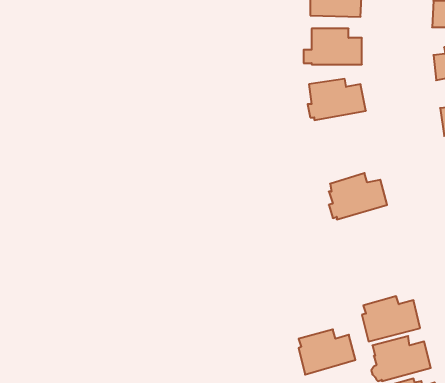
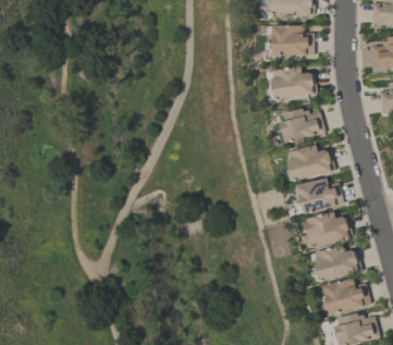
building: none -> [277,109,324,144]
building: none -> [296,178,343,214]
building: [299,329,355,375] -> [305,212,352,249]

